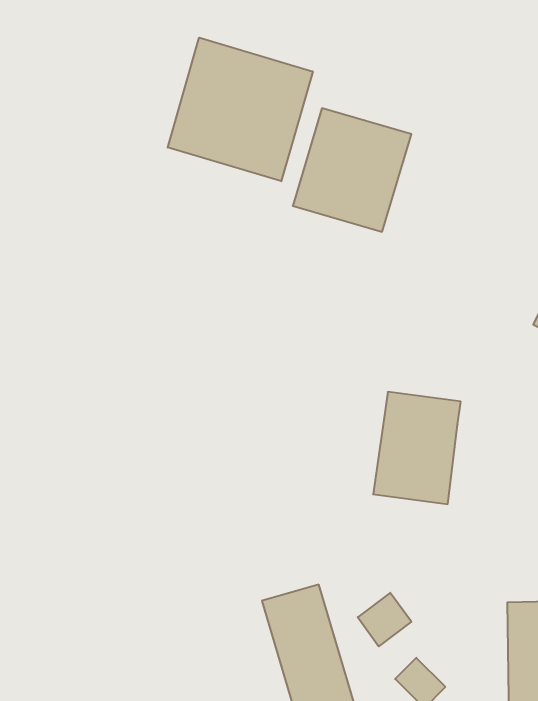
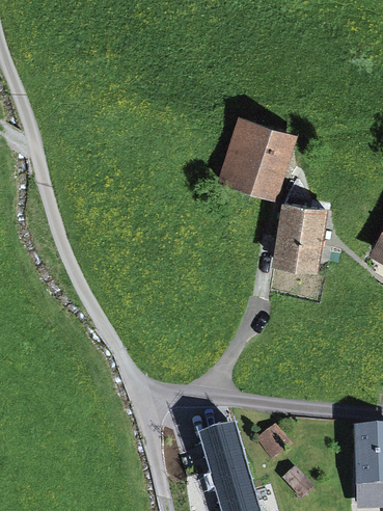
building: [168,38,313,181] -> none
building: [373,392,461,504] -> [271,205,327,276]

